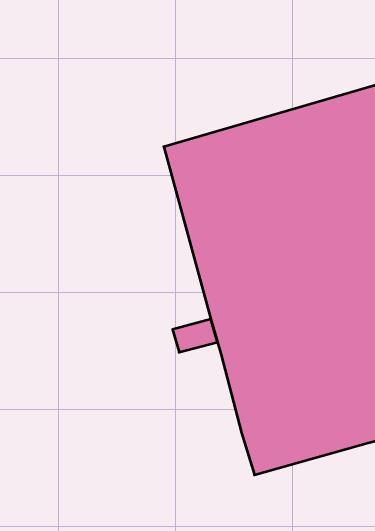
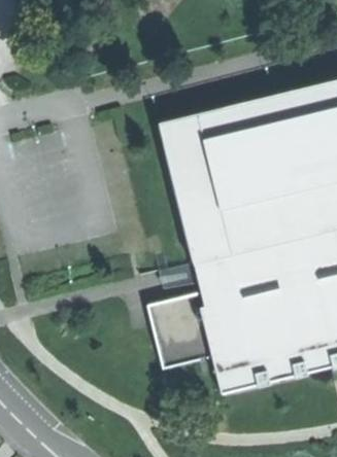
building: none -> [150,293,218,371]

